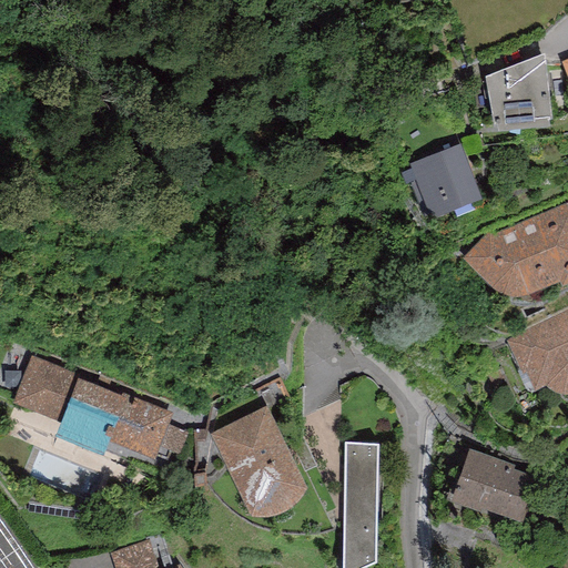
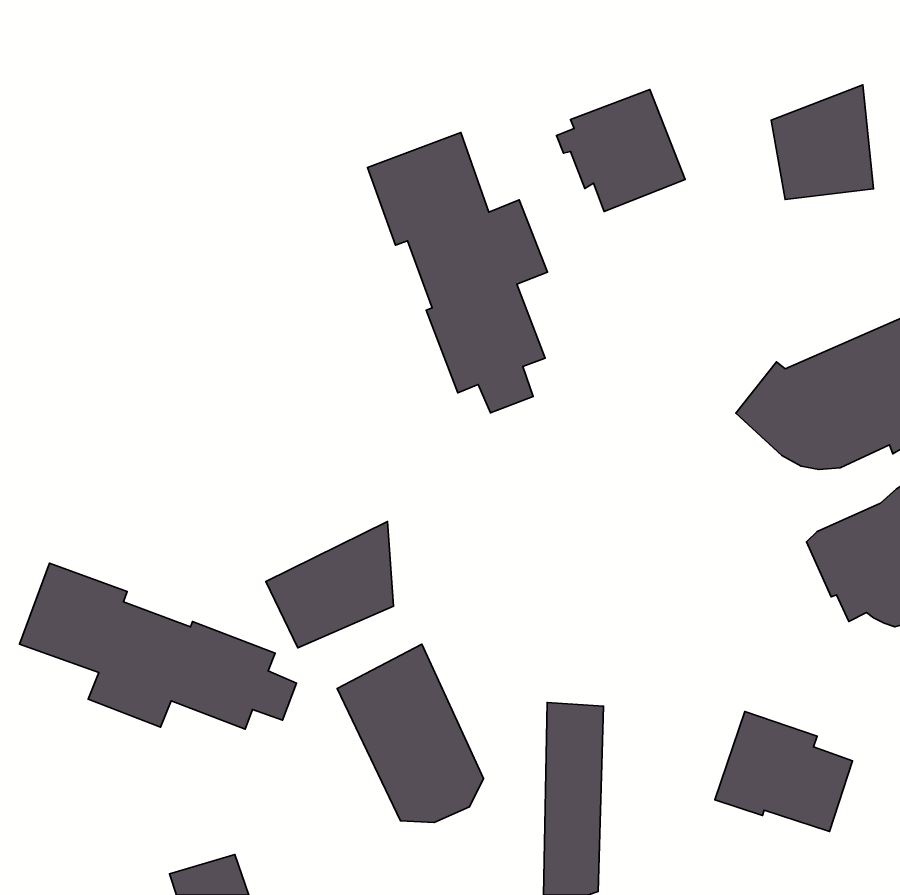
building: none -> [367,133,547,413]
building: [402,143,483,220] -> [556,90,685,211]
building: none -> [266,522,393,648]

